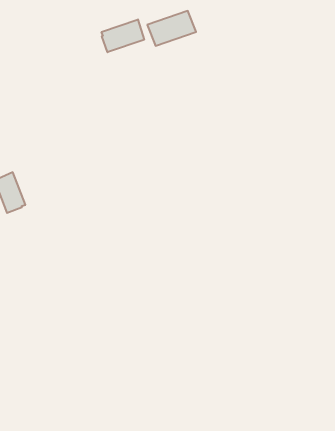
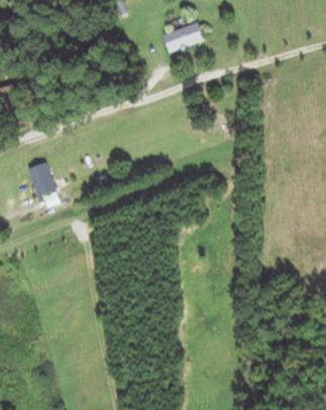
building: [102,19,144,52] -> none

